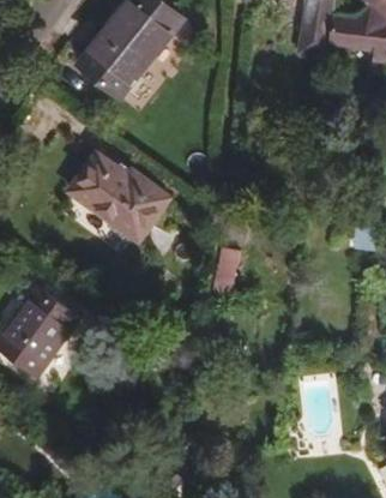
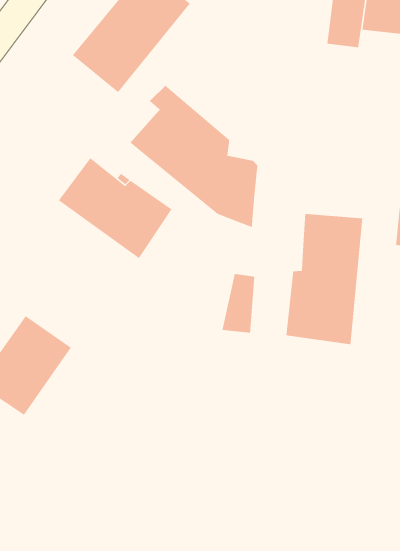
building: none -> [130,85,258,228]
building: none -> [286,213,363,345]

